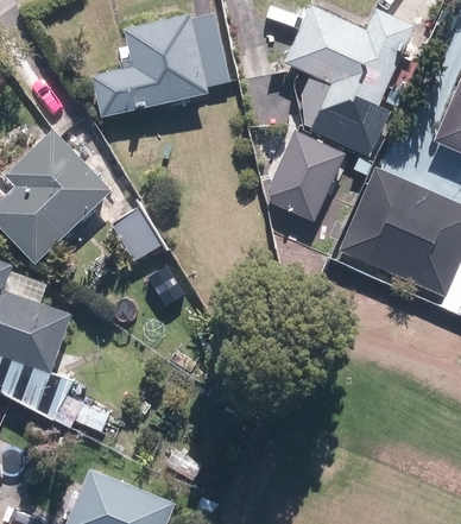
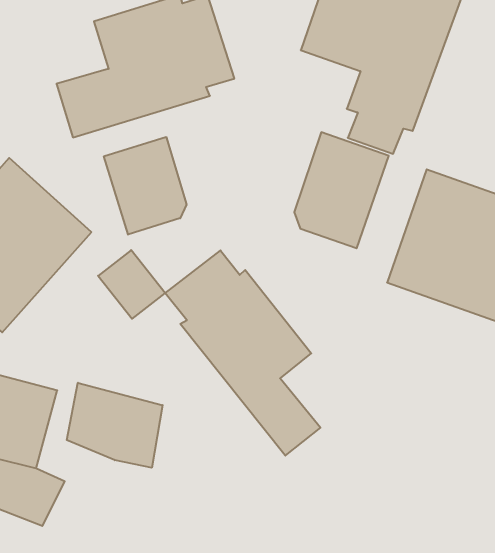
building: none -> [104,137,186,235]
building: none -> [165,250,320,456]
building: none -> [67,383,163,468]

